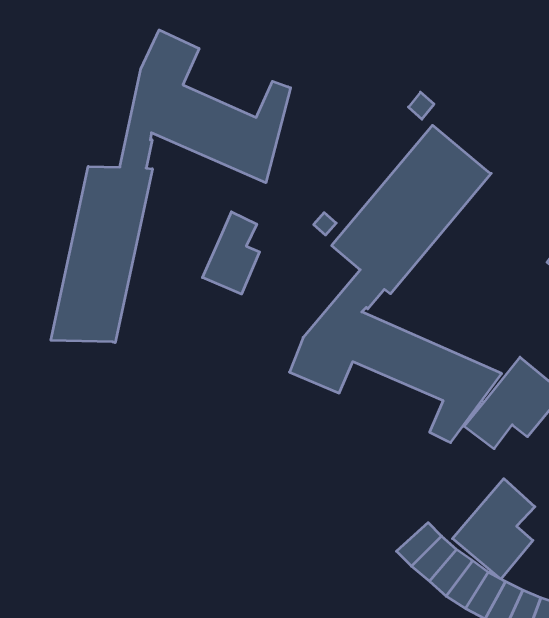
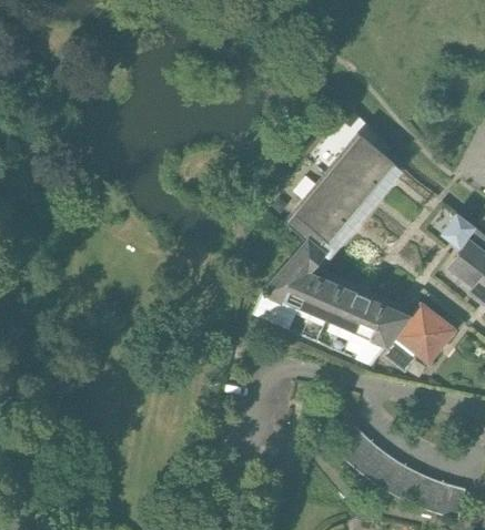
building: [51,30,291,343] -> none
building: [202,212,260,294] -> none
building: [452,479,535,579] -> none

